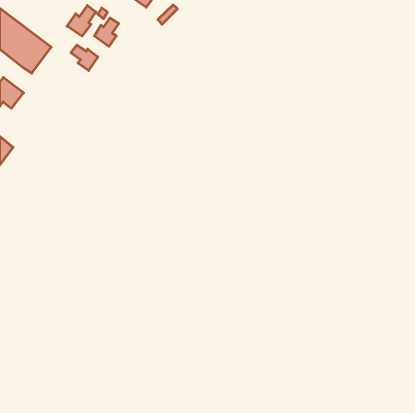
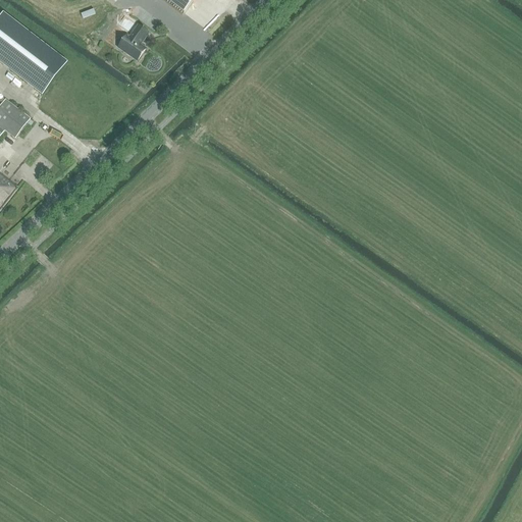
building: [67,5,96,36] -> none
building: [71,45,98,71] -> none

